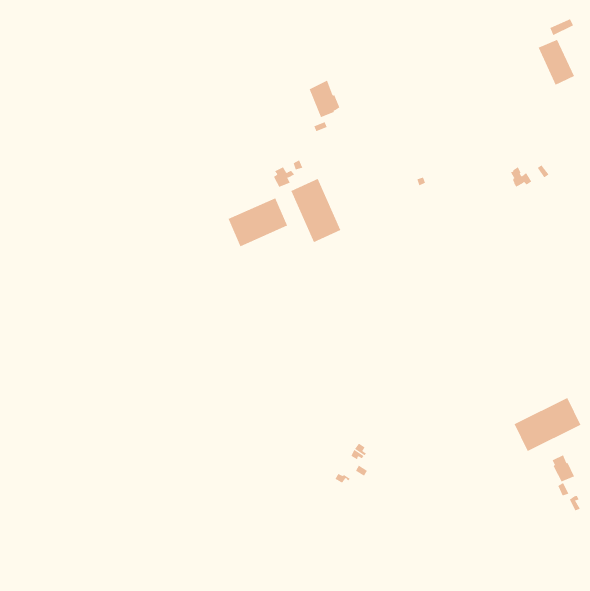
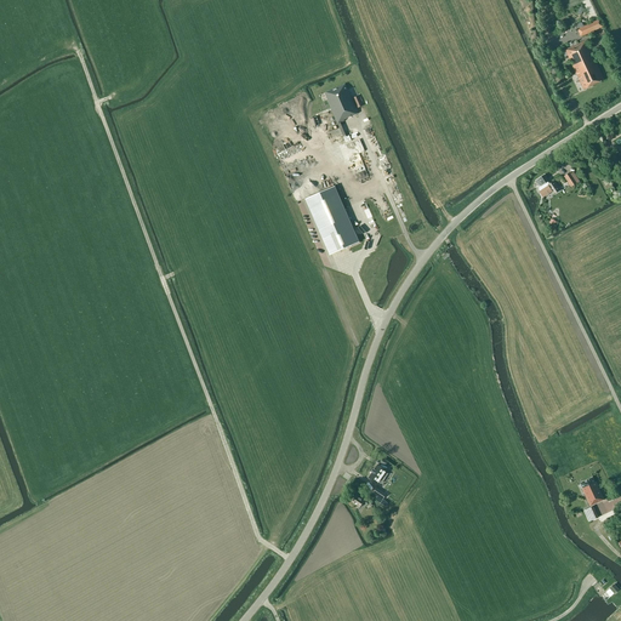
building: [228,197,288,247] -> none
building: [514,397,581,452] -> none

